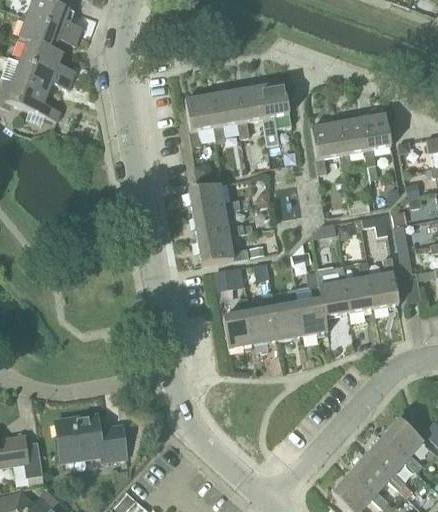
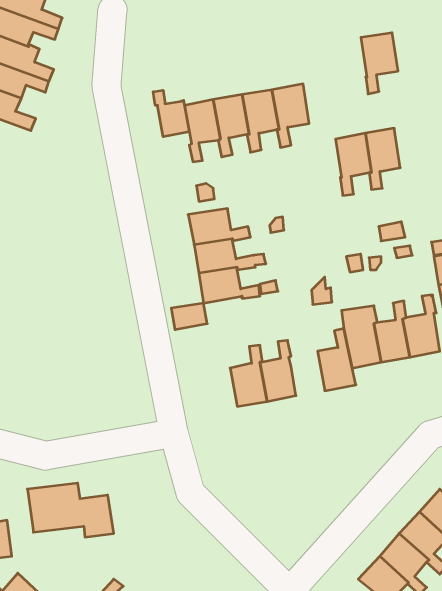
building: none -> [153,90,189,137]
building: [361,114,392,165] -> [361,33,398,94]
building: [215,267,245,289] -> [171,303,207,330]
building: [273,290,303,341] -> none

